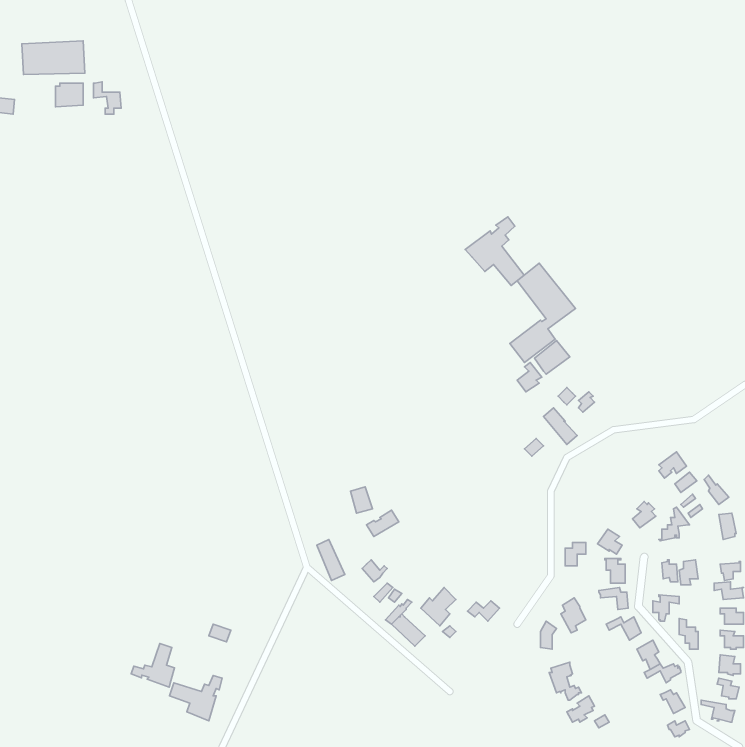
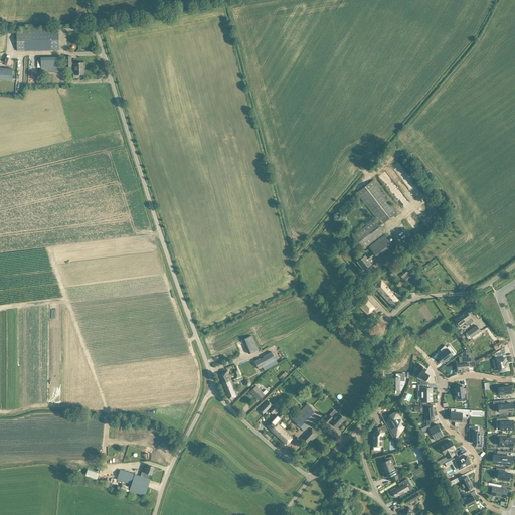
building: [465,217,524,285] -> none
building: [131,644,174,687] -> none

